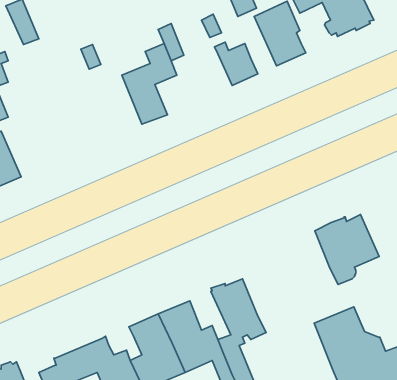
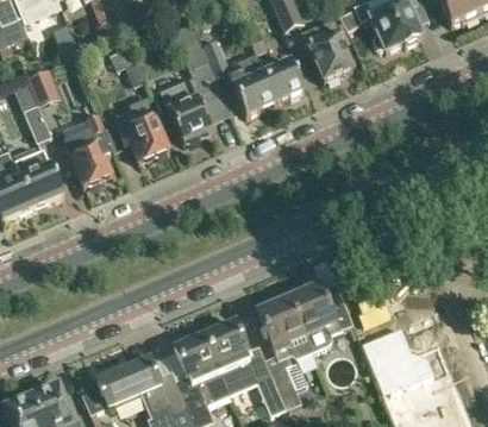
building: none -> [229,69,277,115]
building: none -> [119,96,169,163]
building: none -> [63,114,112,187]
building: [315,214,379,285] -> [288,281,354,352]

